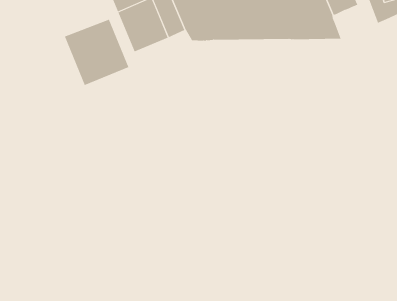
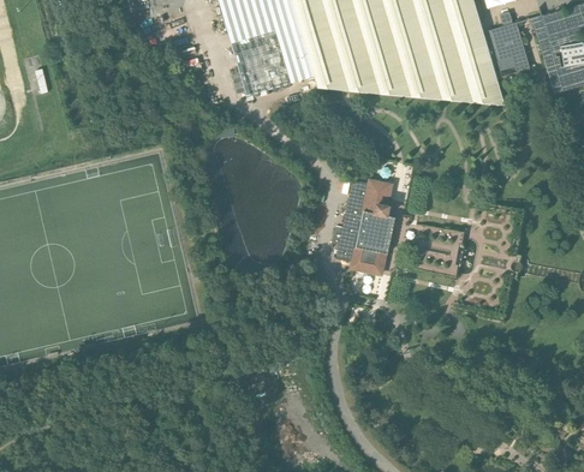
building: [64,19,129,86] -> none
building: none -> [332,180,391,274]

